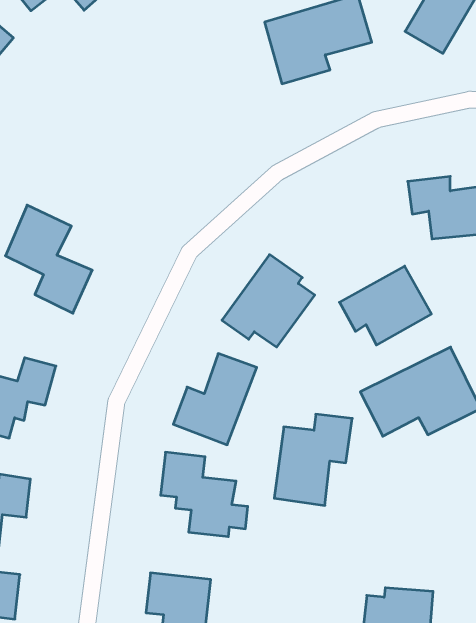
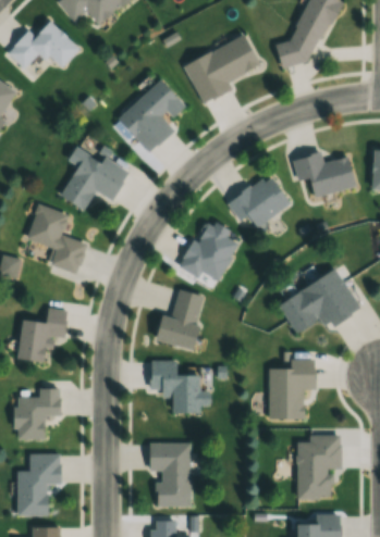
building: none -> [118,78,185,152]
building: none -> [60,153,128,210]
building: [339,266,431,345] -> [228,173,291,228]
building: [274,414,352,505] -> [269,358,316,419]

